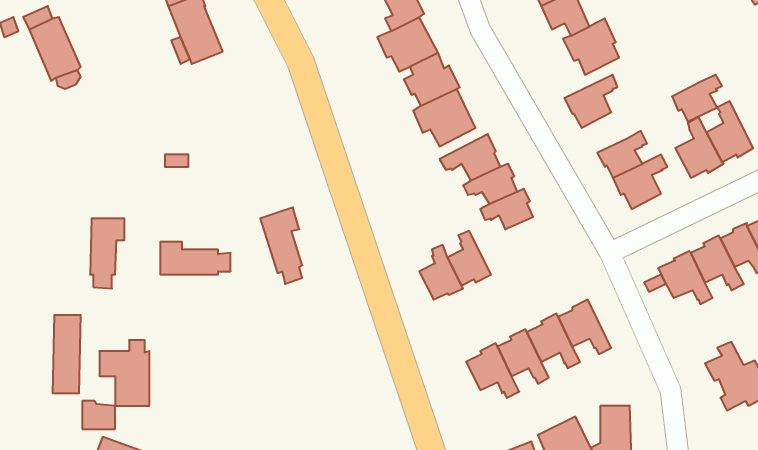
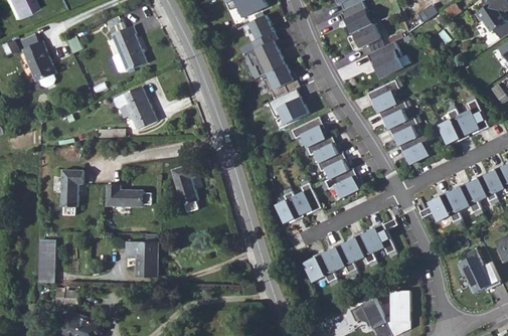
building: [672,75,722,122] -> [378,98,410,128]
building: none -> [114,86,157,128]
building: none -> [320,167,359,197]
building: [99,340,149,406] -> [126,234,158,277]

